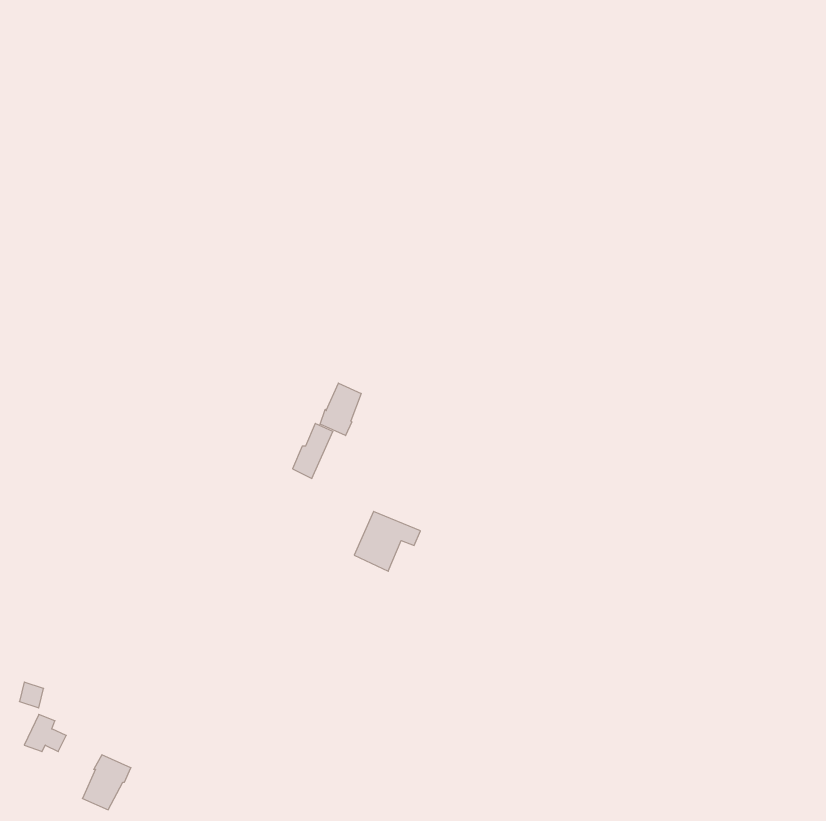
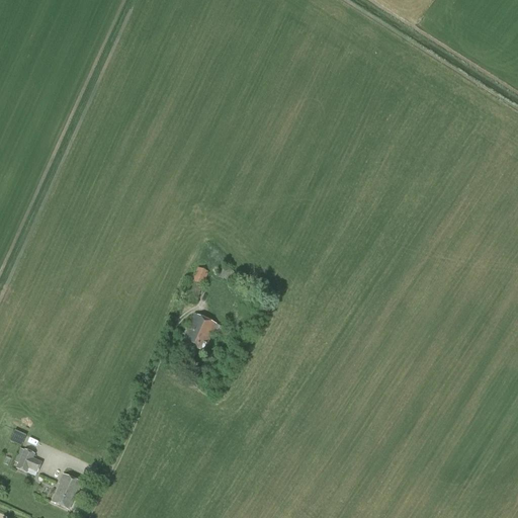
building: [320,383,361,436] -> none
building: [354,511,420,571] -> [182,313,224,350]

